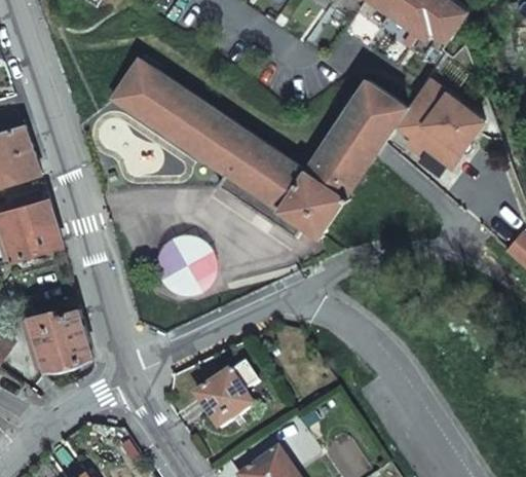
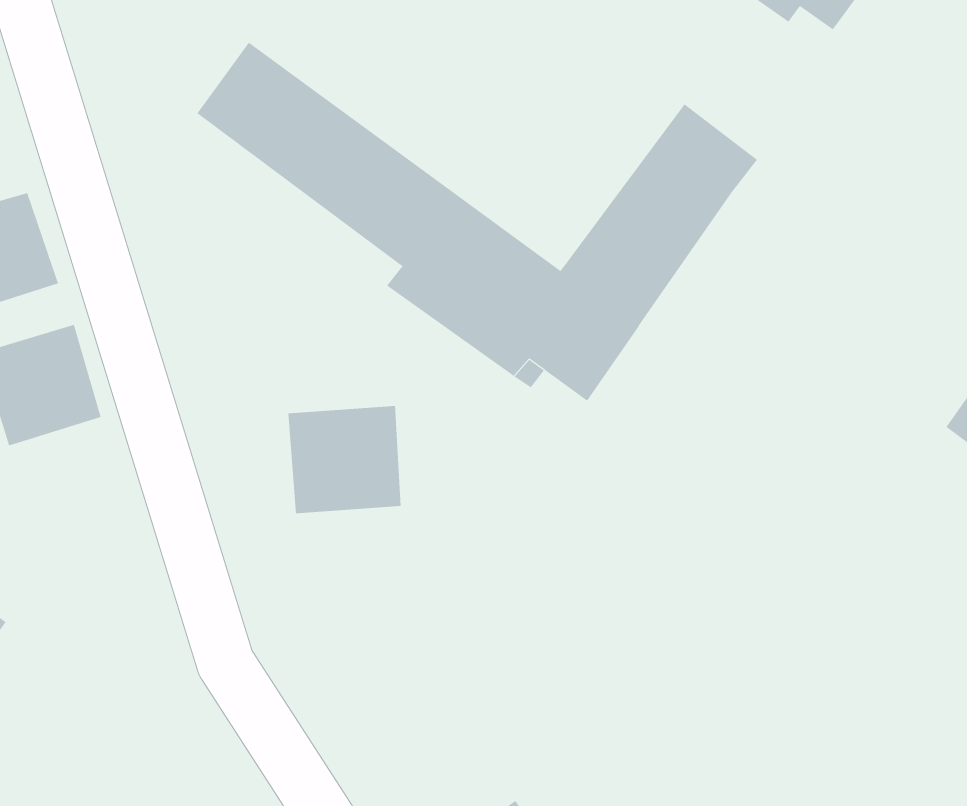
building: [393,81,483,168] -> none
building: [28,296,90,370] -> none
building: [195,370,252,430] -> none

